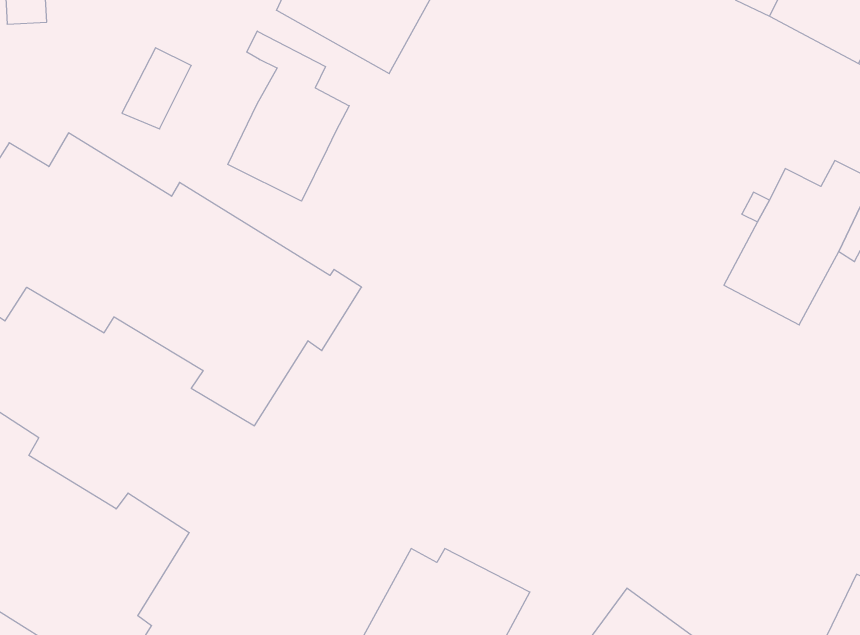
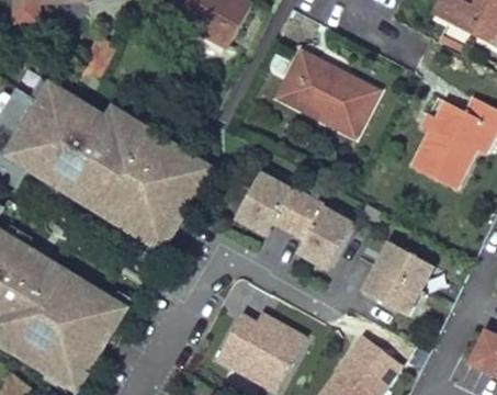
building: [228,31,349,201] -> none
building: none -> [278,50,380,137]
building: none -> [231,170,351,271]
building: none -> [358,239,433,316]

